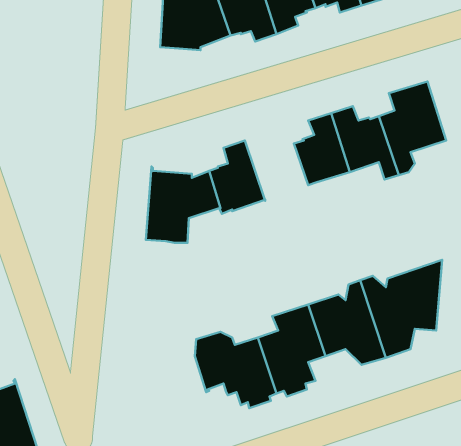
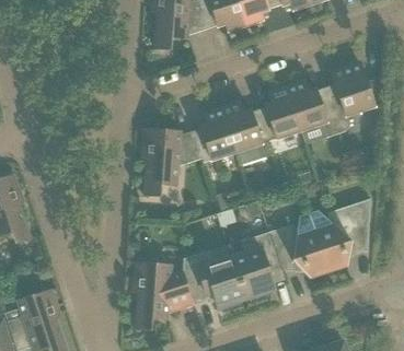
building: none -> [221,102,273,165]
building: none -> [137,261,192,318]

